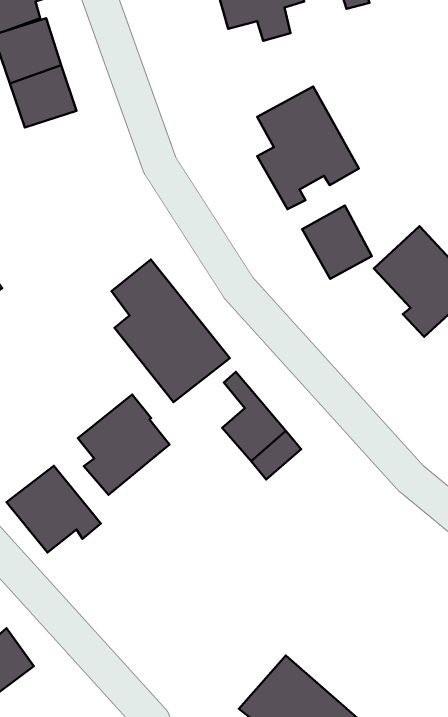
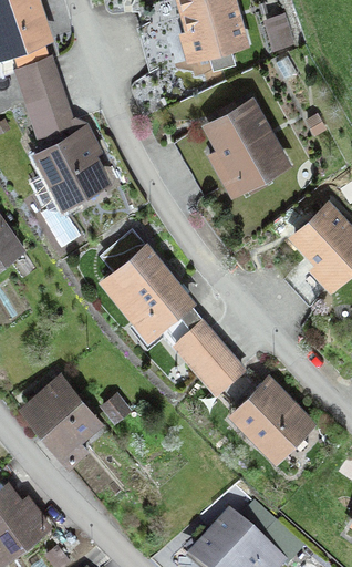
building: none -> [34,134,104,210]
building: [302,206,372,279] -> none
building: [78,395,169,495] -> none
building: none -> [236,382,308,461]

